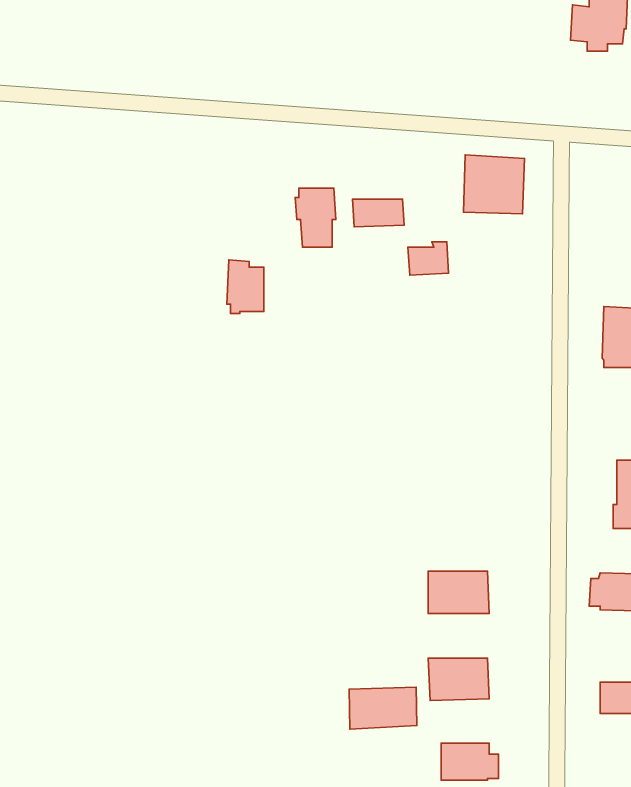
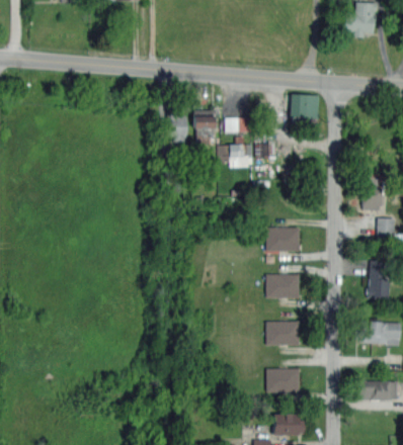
building: none -> [219,145,251,167]
building: [227,260,264,313] -> [167,112,187,142]
building: none -> [266,227,300,251]
building: none -> [266,273,300,297]
building: [349,687,417,729] -> none

